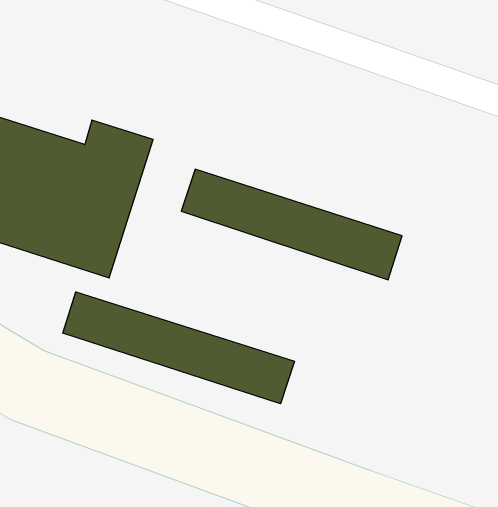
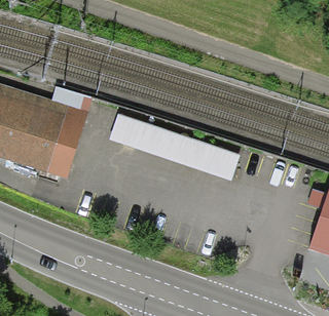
building: [63,292,294,404] -> none

